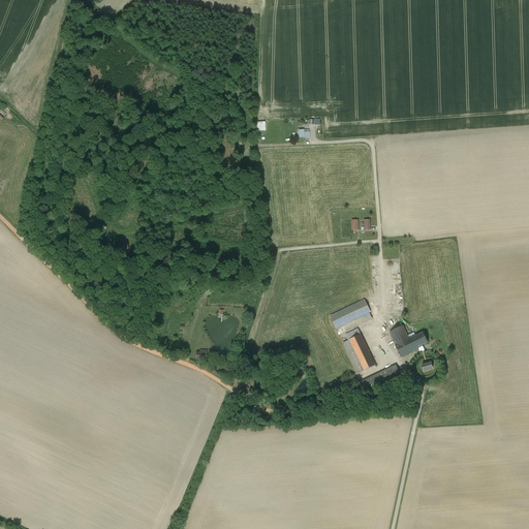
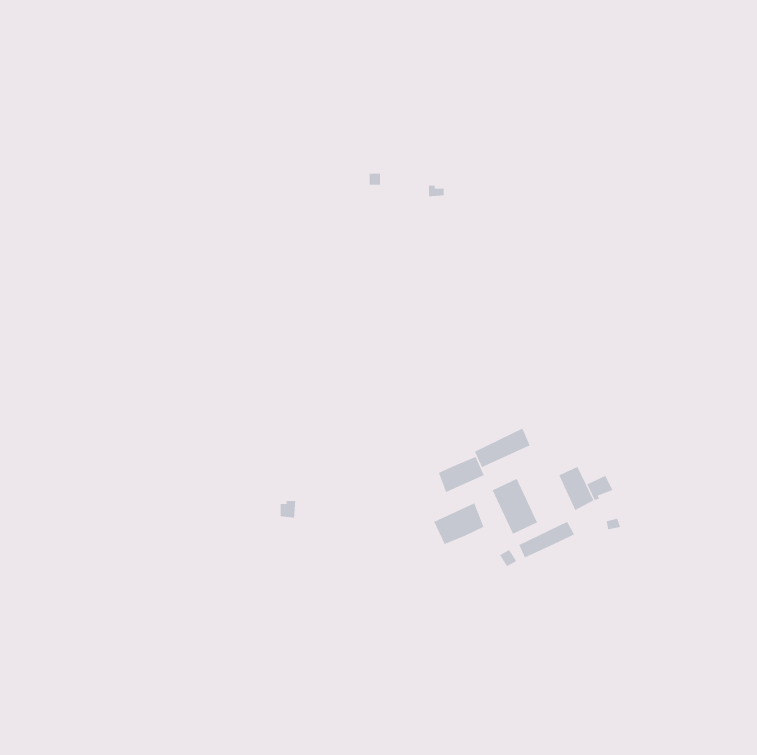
building: none -> [438,456,484,493]
building: none -> [434,503,484,545]

